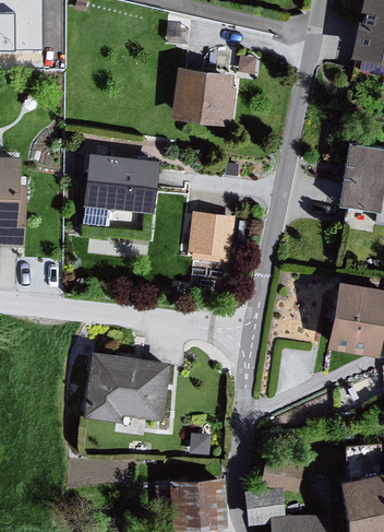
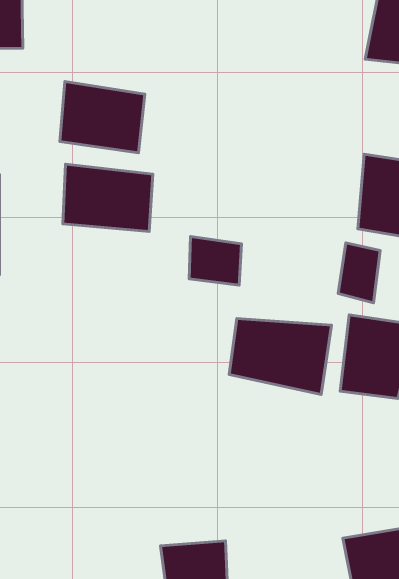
building: [172,68,247,130] -> [60,82,145,153]
building: none -> [338,243,380,303]
building: none -> [229,319,331,395]
building: [84,353,170,425] -> none

